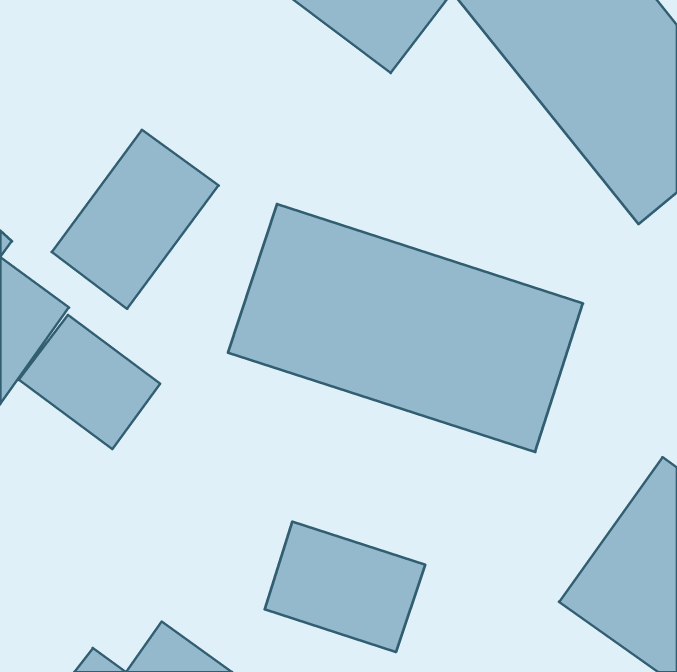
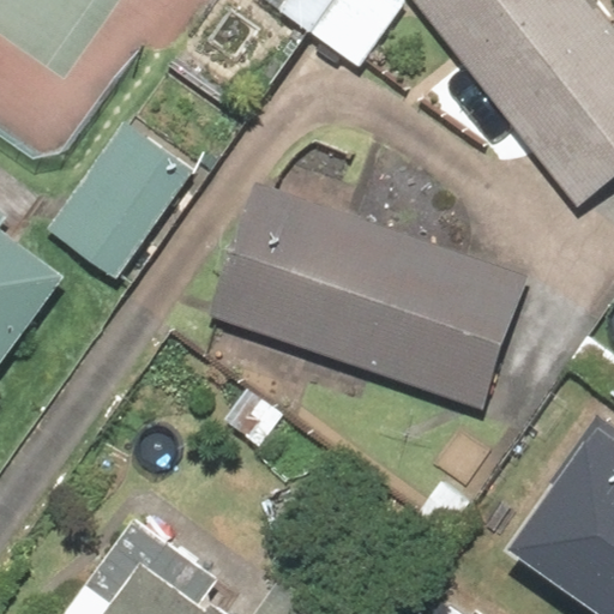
building: [19,315,160,449] -> none
building: [265,522,425,652] -> none

